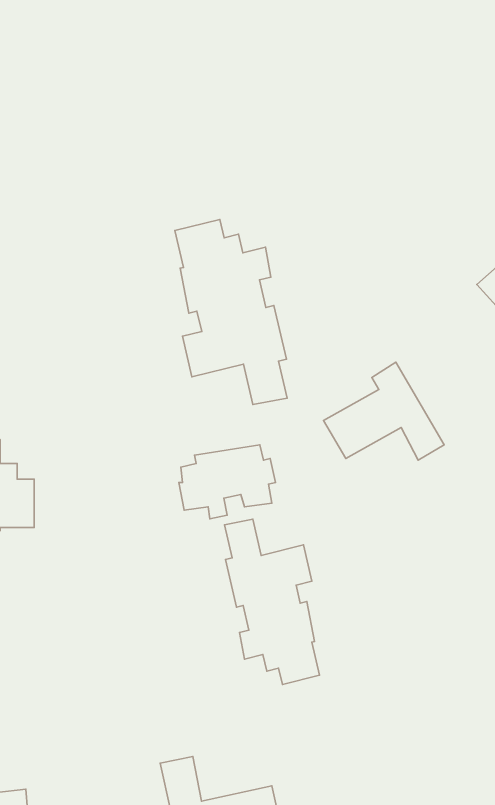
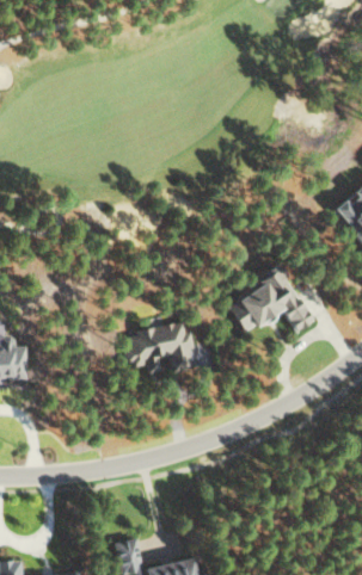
building: [175,219,287,405] -> none
building: [225,519,320,685] -> none

